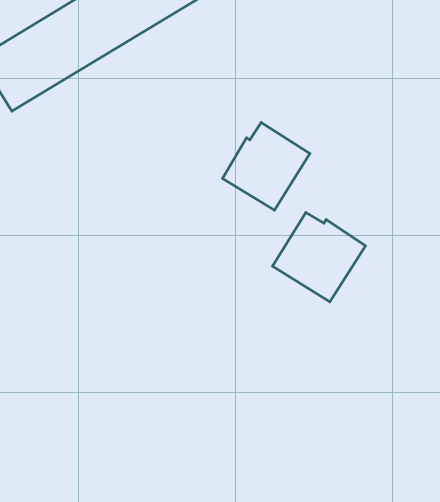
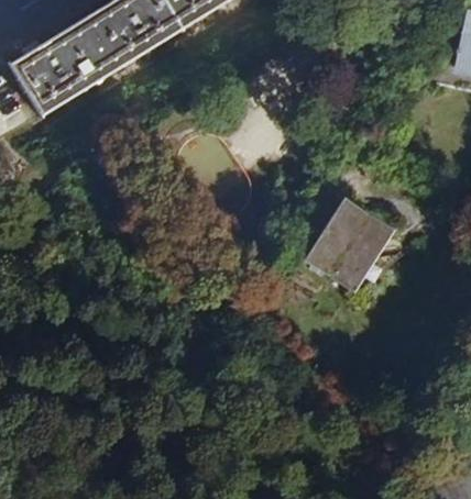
building: [223,123,310,210] -> none

